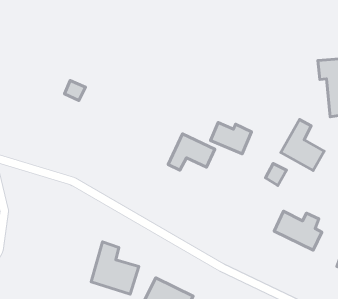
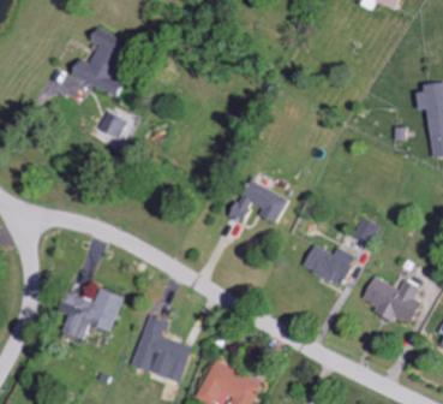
building: none -> [71,28,124,96]
building: [281,120,324,171] -> none
building: [211,122,252,154] -> [303,245,354,285]
building: none -> [61,287,122,338]

